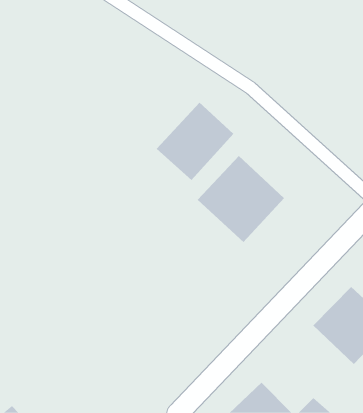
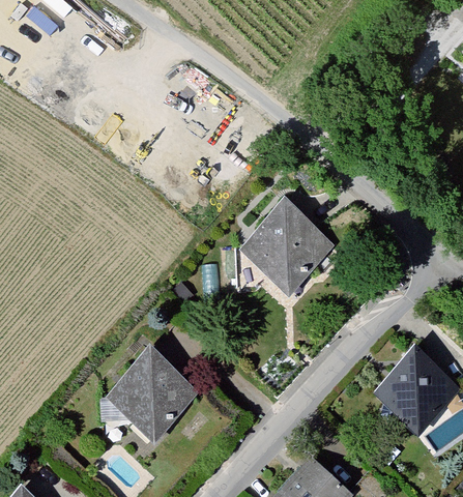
building: [156,102,234,181] -> none
building: none -> [103,346,201,444]

